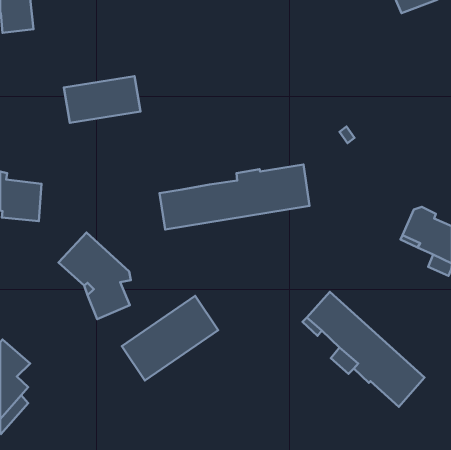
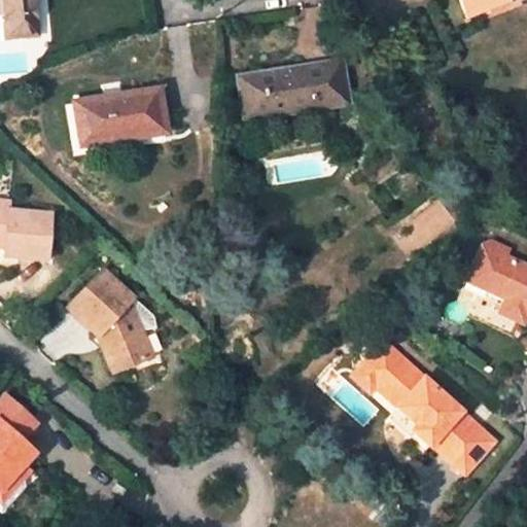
building: none -> [241,61,346,116]
building: [159,165,309,230] -> none
building: [122,296,218,381] -> none

